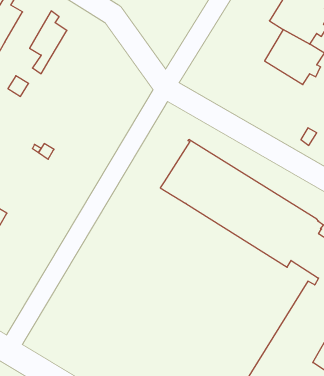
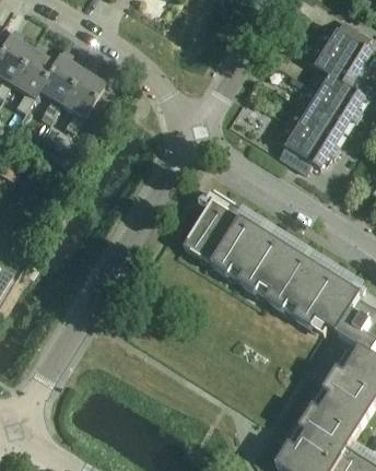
building: none -> [11,44,54,113]
building: none -> [60,63,104,132]
building: none -> [277,105,342,173]

